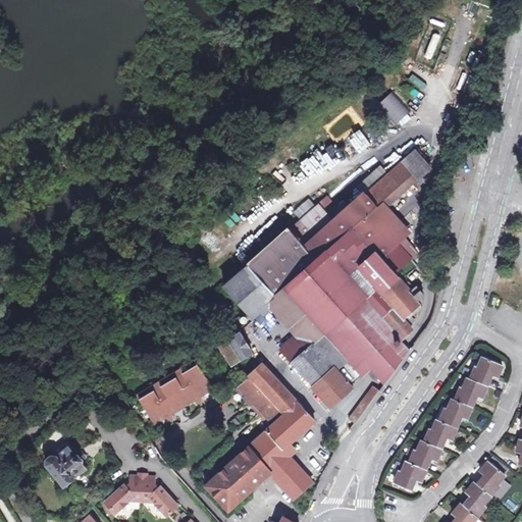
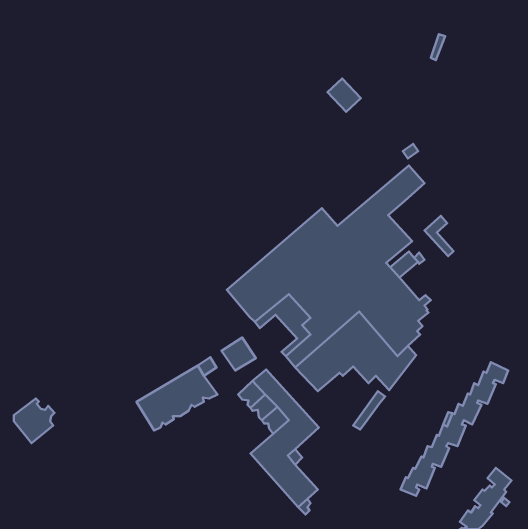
building: [376,92,409,124] -> [328,79,361,112]
building: [403,151,432,180] -> none
building: [382,198,411,238] -> [424,216,453,256]
building: [313,367,353,407] -> none
building: [46,442,86,486] -> [14,399,54,443]
building: [204,447,270,511] -> none
building: [104,474,177,513] -> none

